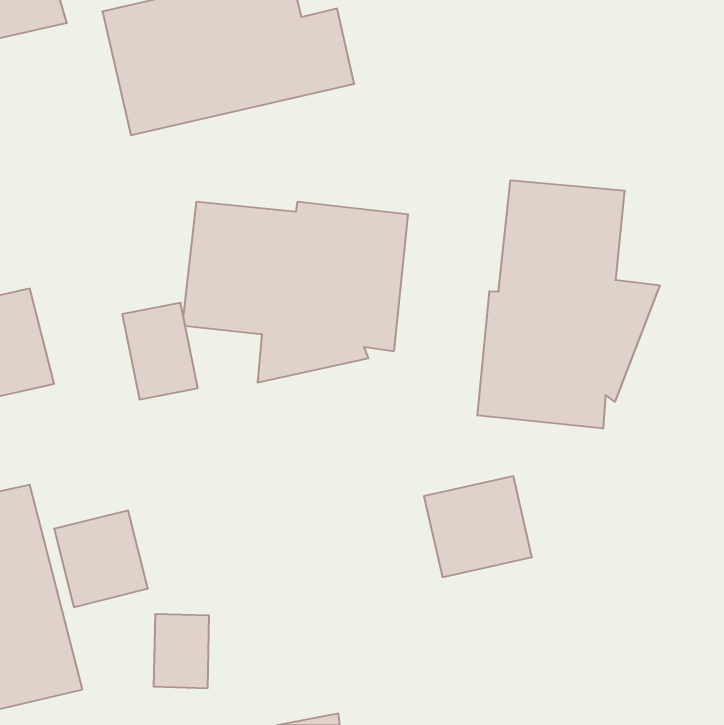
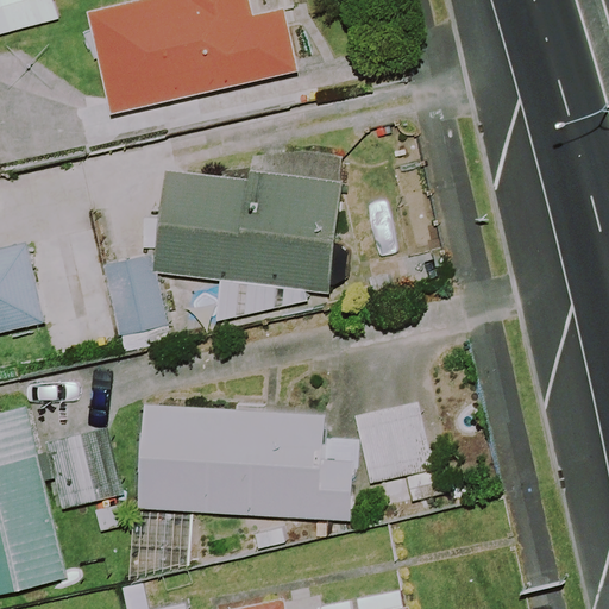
building: [478,180,660,429] -> none
building: none -> [136,403,354,520]

